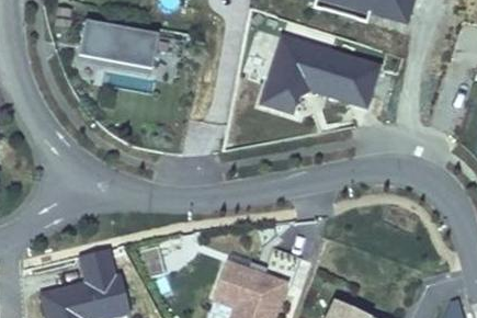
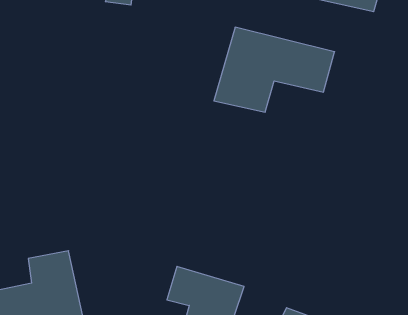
building: [81,25,171,68] -> none

